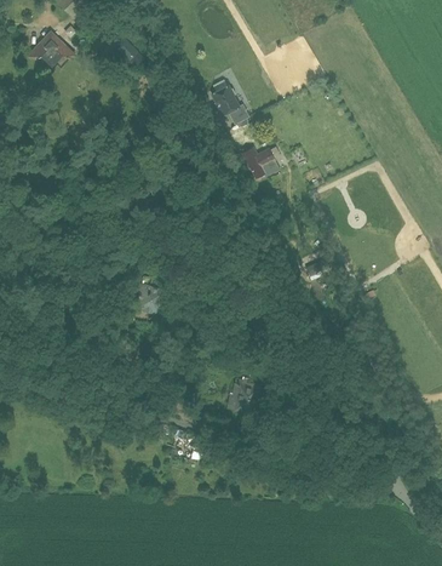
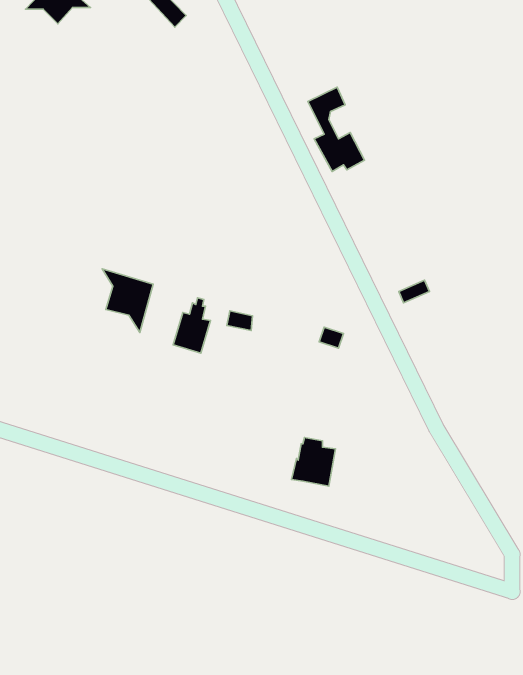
building: [212,84,251,122] -> none
building: none -> [102,269,153,332]

